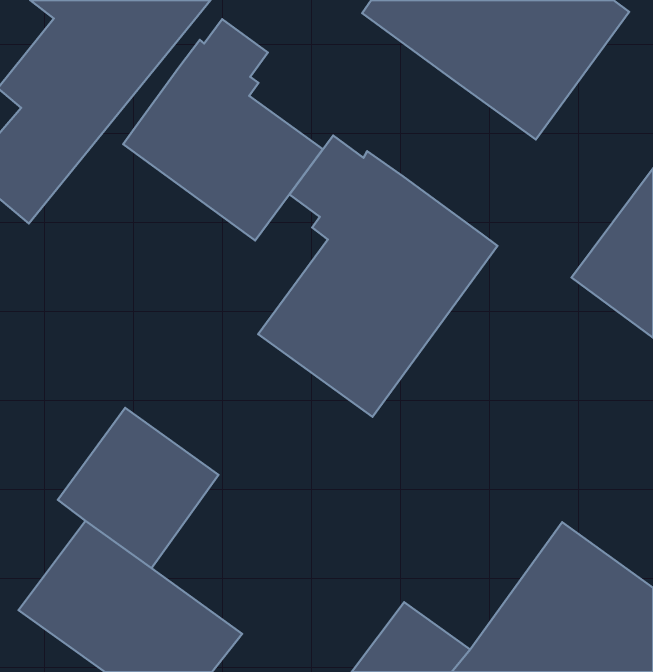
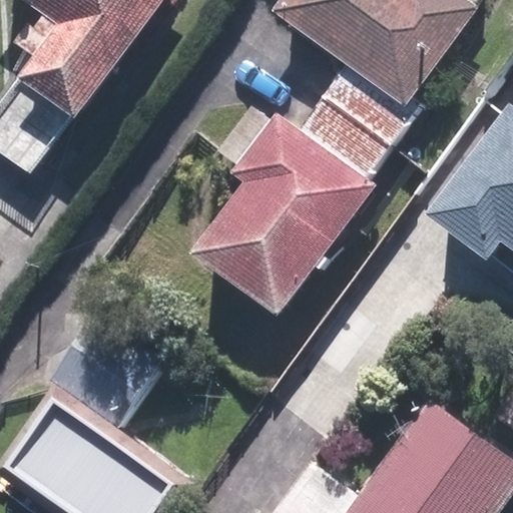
building: [123,19,323,240] -> none
building: none -> [299,62,416,178]

